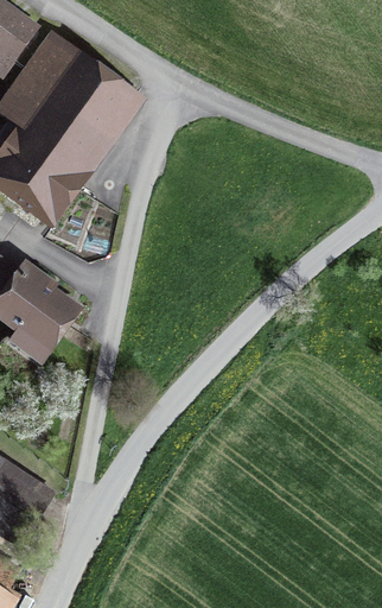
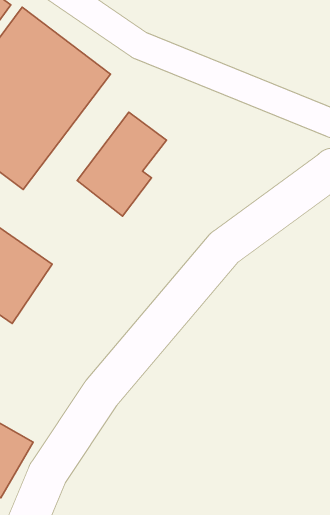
building: none -> [77,112,167,216]

